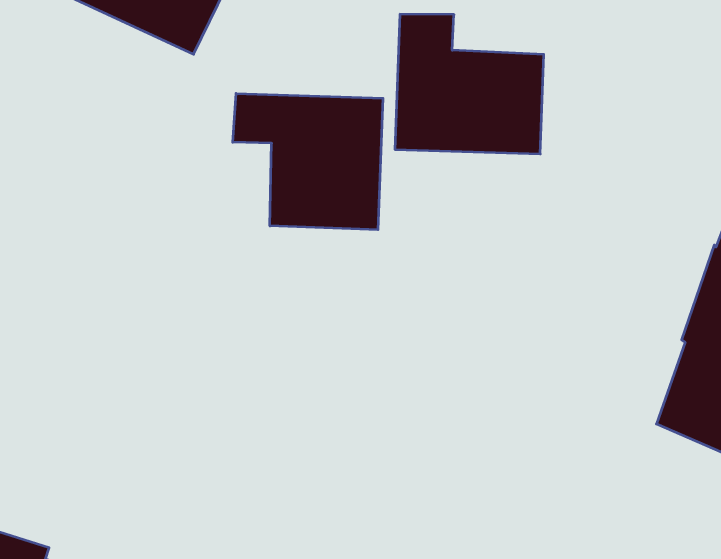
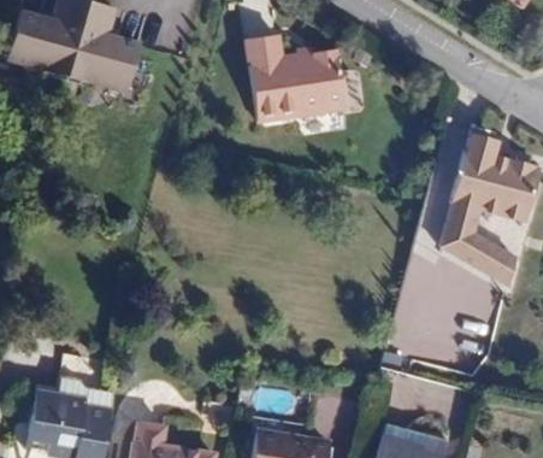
building: [233,93,383,230] -> none

